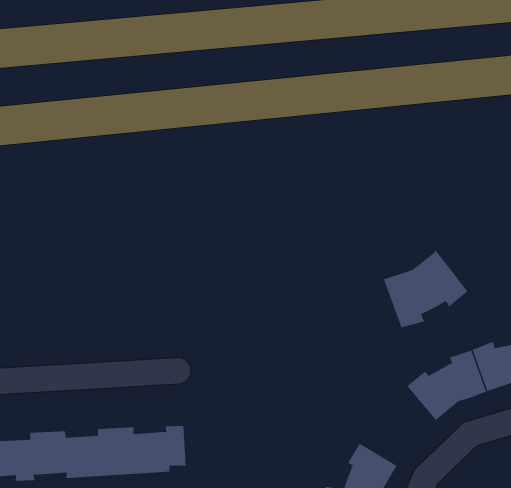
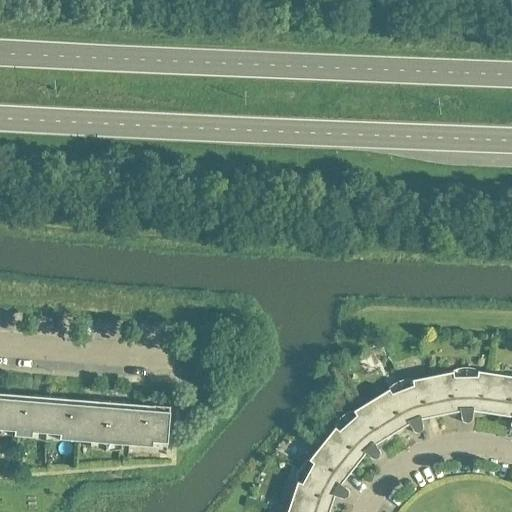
building: [383,249,468,328] -> none
building: none -> [322,400,392,469]

